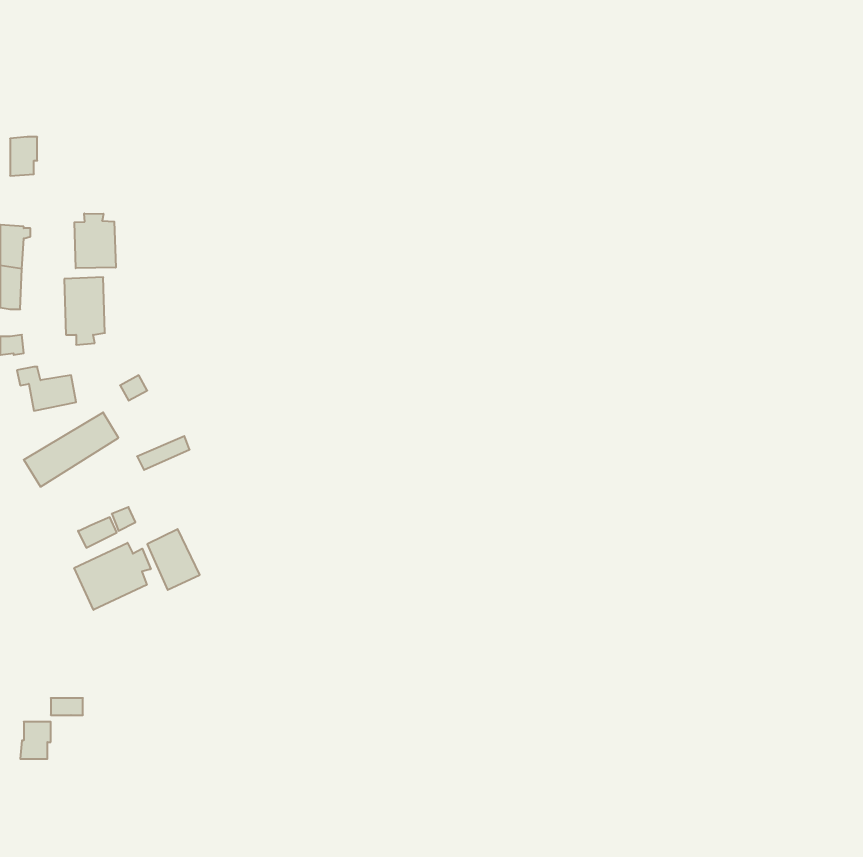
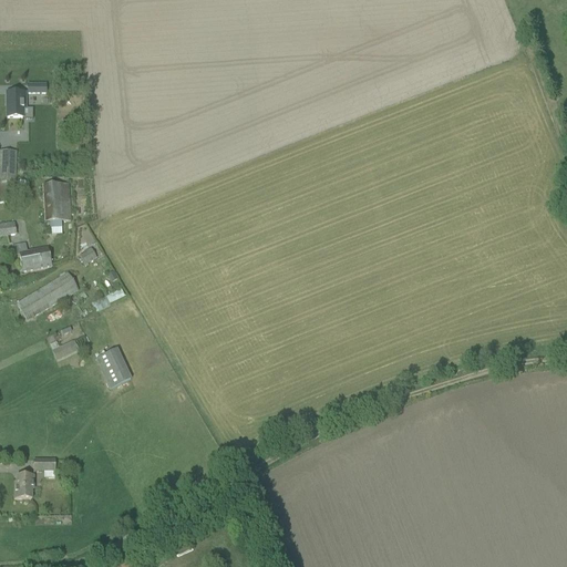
building: [74,213,116,268] -> none
building: [74,543,151,610] -> none

